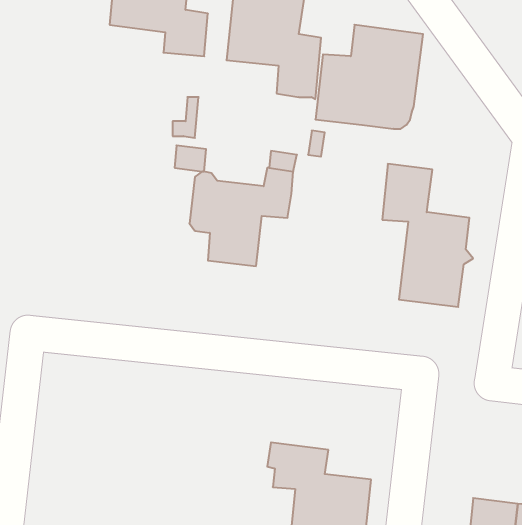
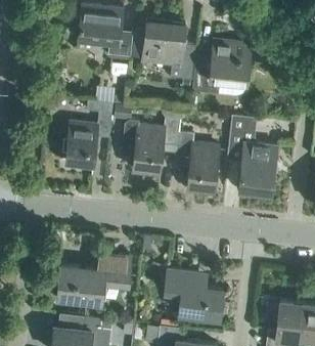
building: none -> [65,101,114,166]
building: none -> [176,133,219,191]
building: none -> [57,255,132,304]

